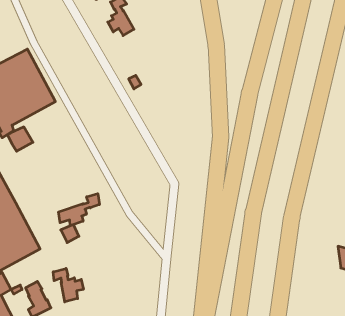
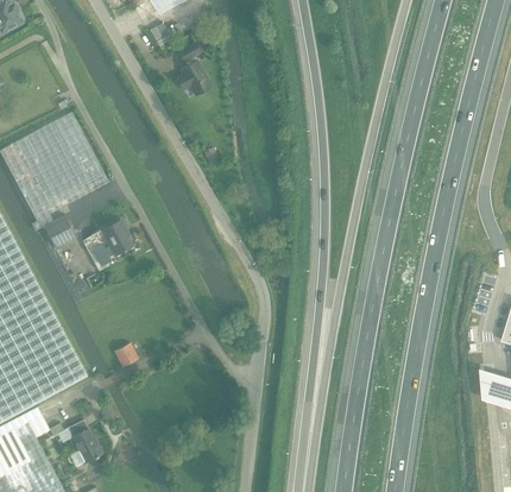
building: none -> [82,221,133,271]
building: [59,194,99,226] -> none
building: [53,268,83,302] -> none

